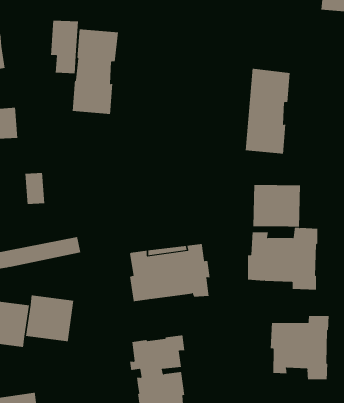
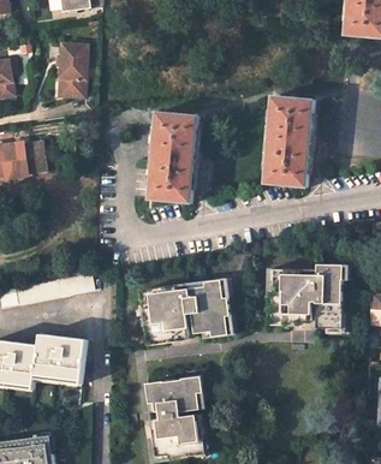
building: [72,29,119,115] -> [149,113,198,203]
building: [24,172,45,205] -> [24,136,46,169]
building: [253,184,301,228] -> none
building: [270,315,329,380] -> none

